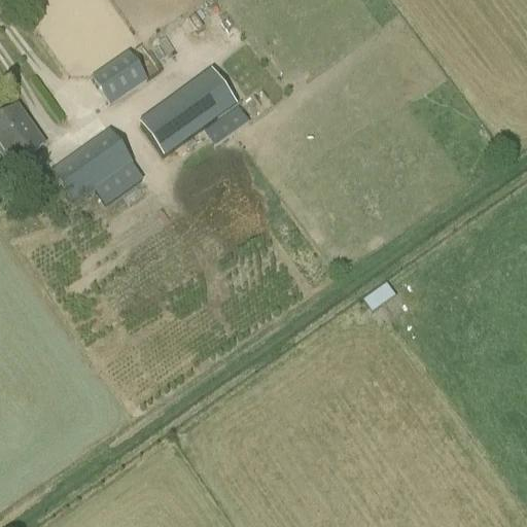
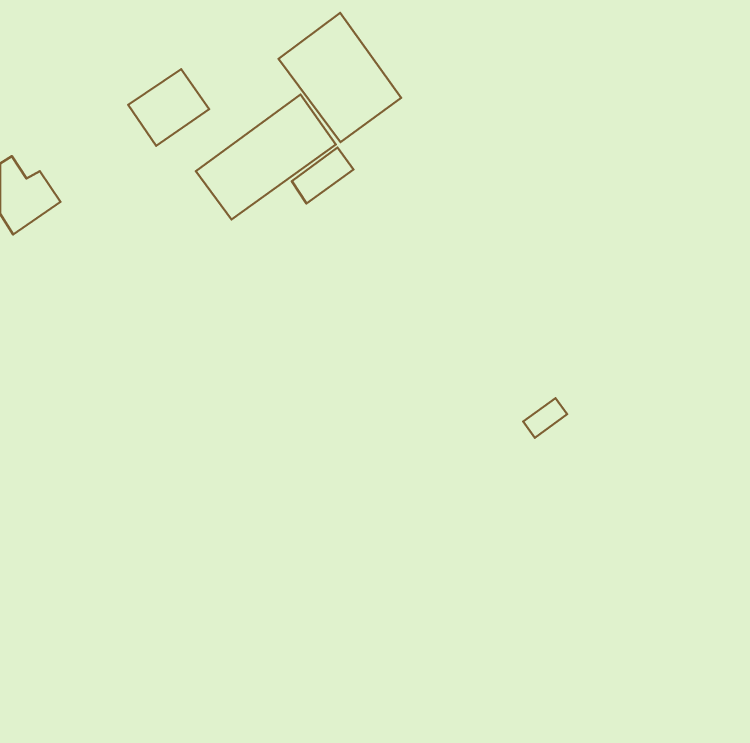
building: none -> [279,13,401,142]
building: [52,128,144,202] -> none

